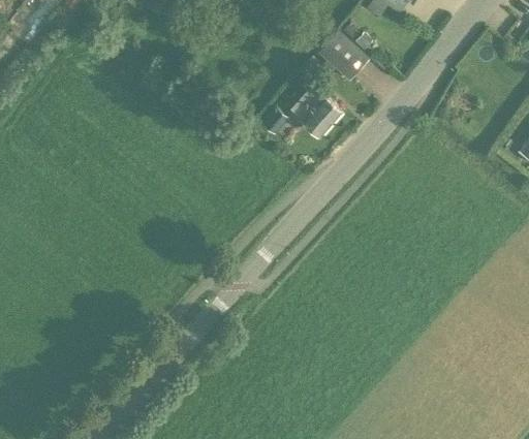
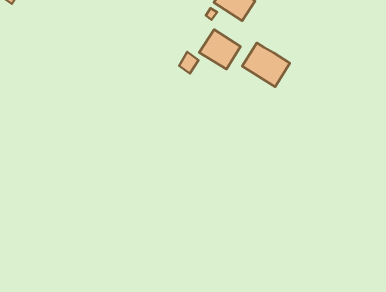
building: none -> [242,43,290,87]

